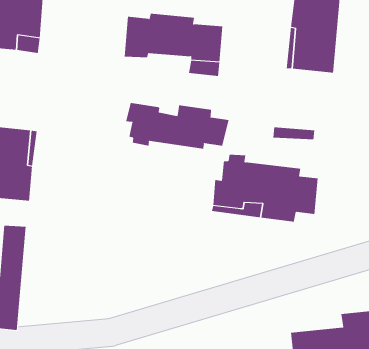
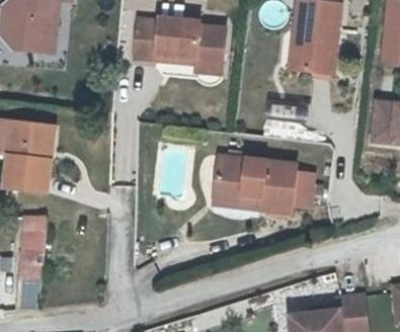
building: [126,102,229,150] -> none

